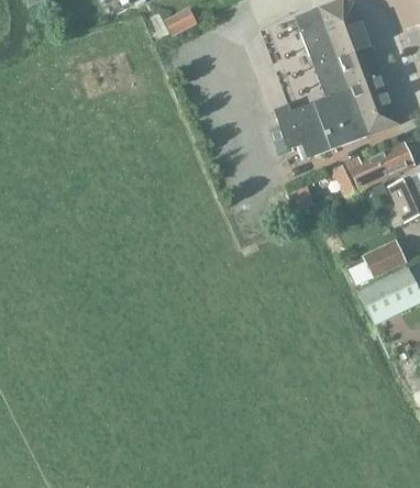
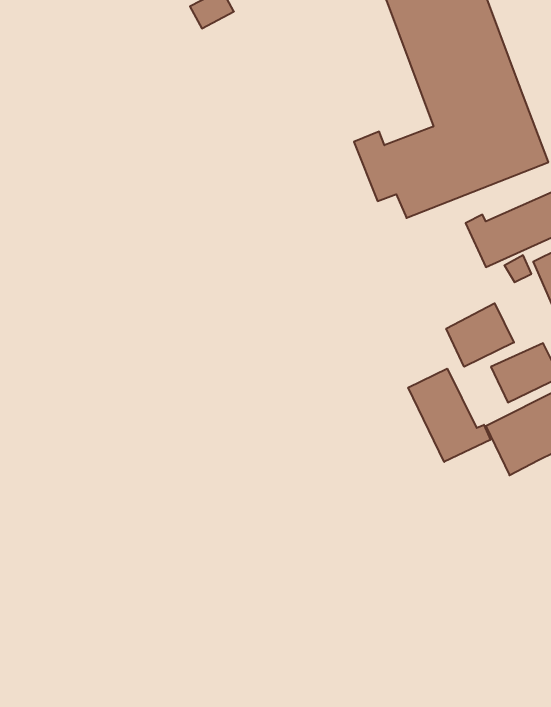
building: none -> [446,303,514,367]
building: none -> [408,369,490,462]

